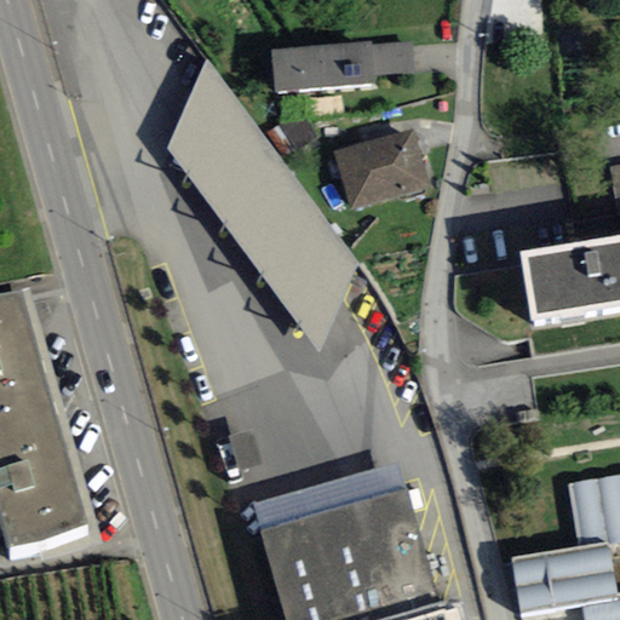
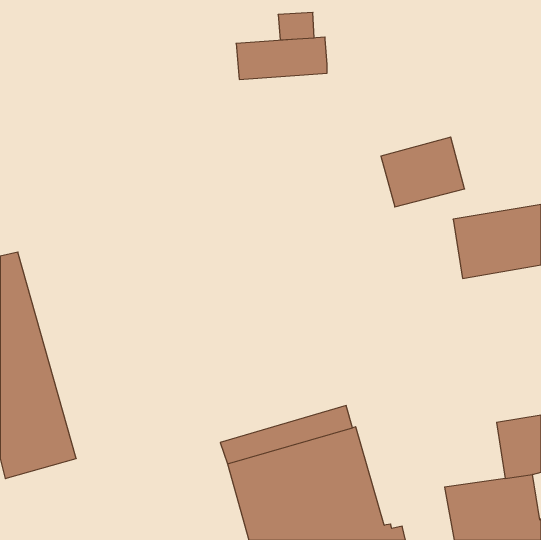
building: [372,42,413,74] -> [278,12,314,40]
building: [167,58,360,352] -> none
building: [333,130,429,209] -> [381,137,465,207]

